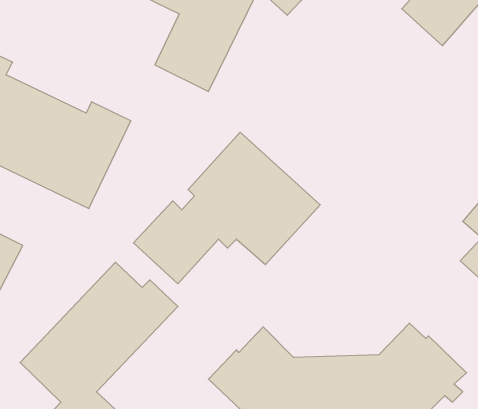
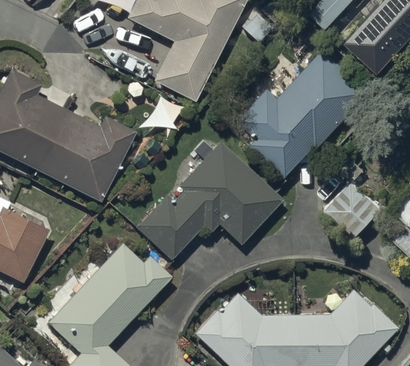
building: none -> [240,47,370,178]
building: none -> [324,158,383,239]

